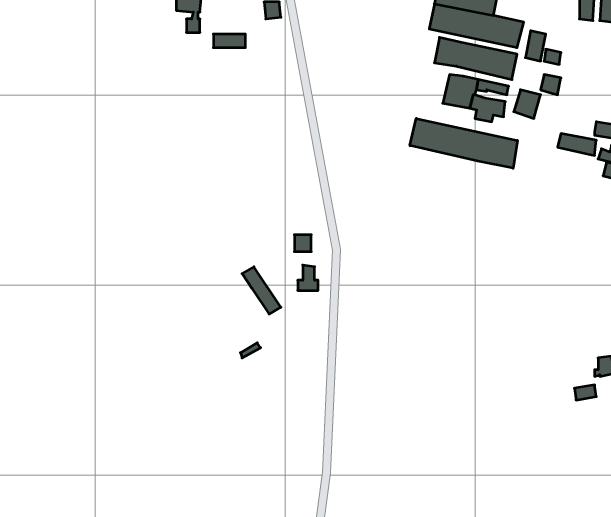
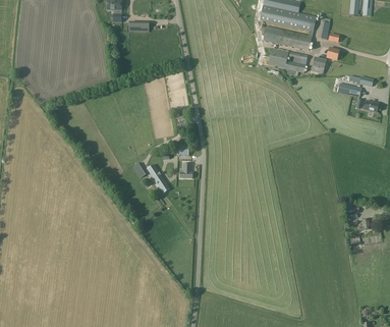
building: [410,118,517,168] -> none

